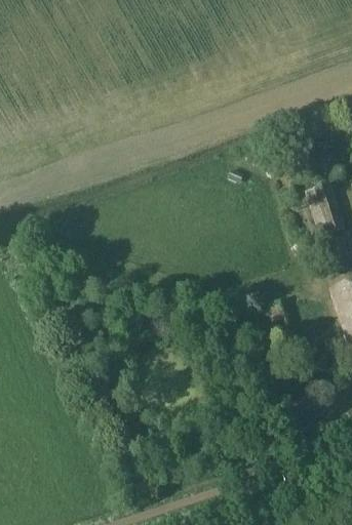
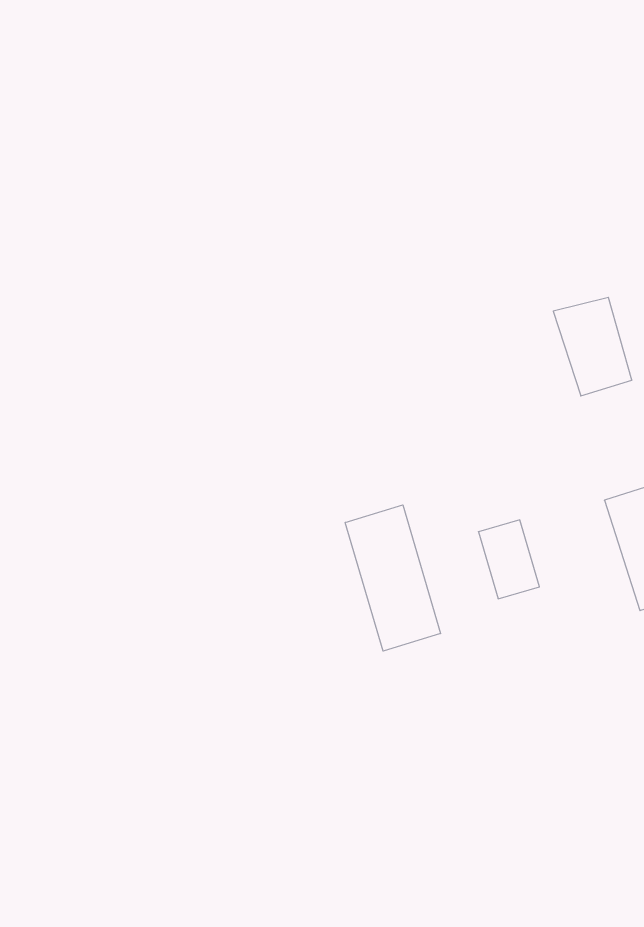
building: none -> [345,505,441,651]

